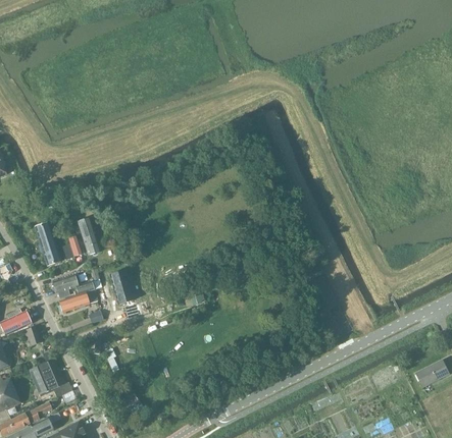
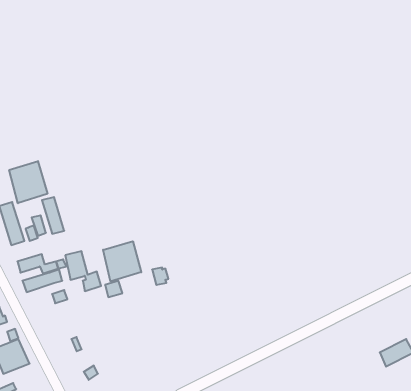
building: none -> [9,161,47,203]
building: none -> [103,241,141,281]

